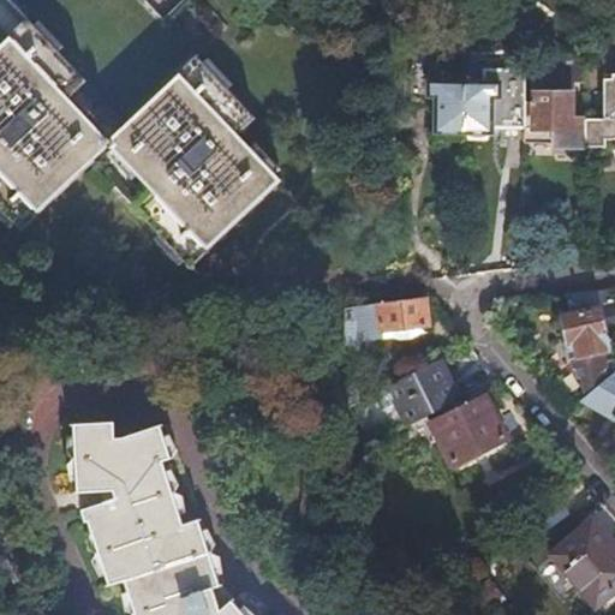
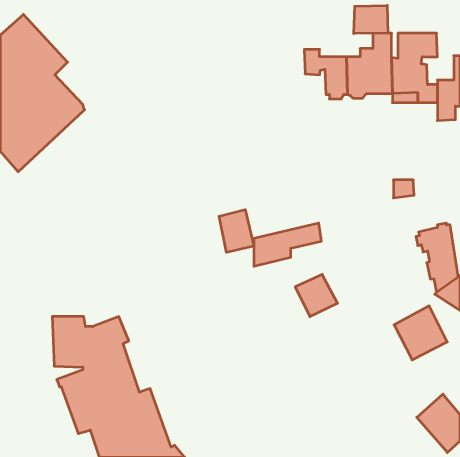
building: none -> [354,5,388,34]
building: [111,59,282,267] -> none
building: none -> [219,210,254,252]
building: [436,394,507,466] -> [394,306,447,360]

